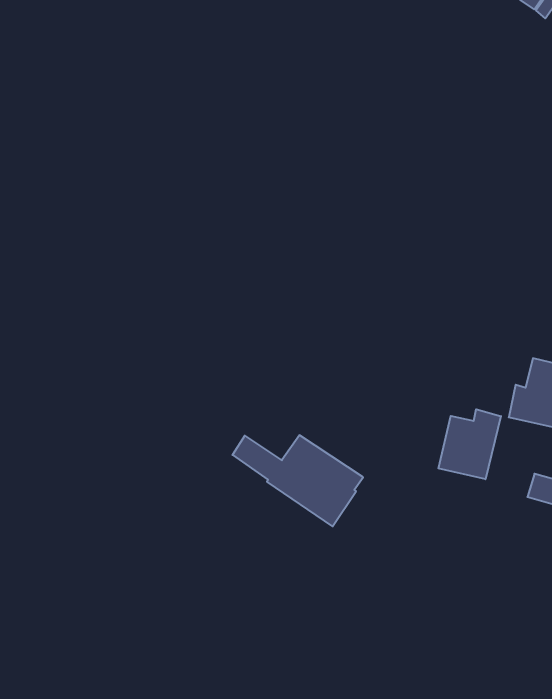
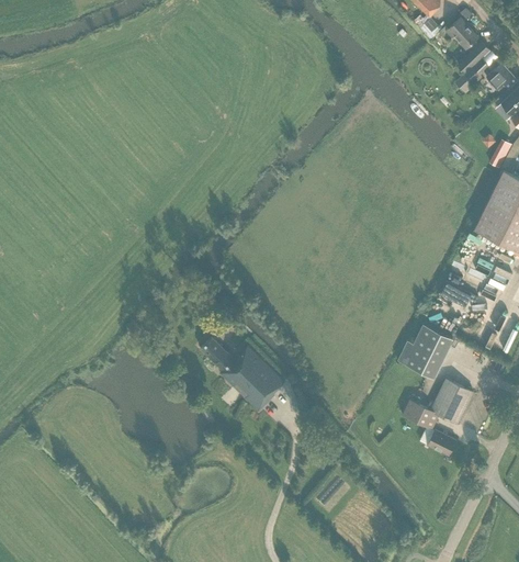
building: [438,409,501,479] -> none

